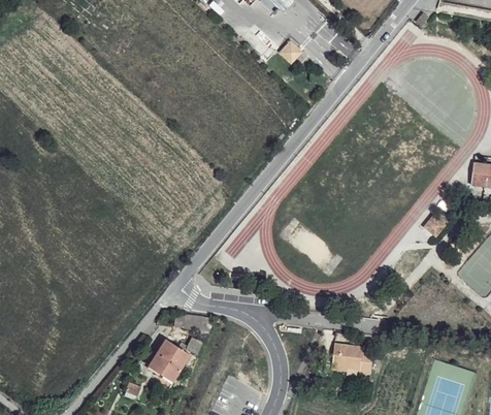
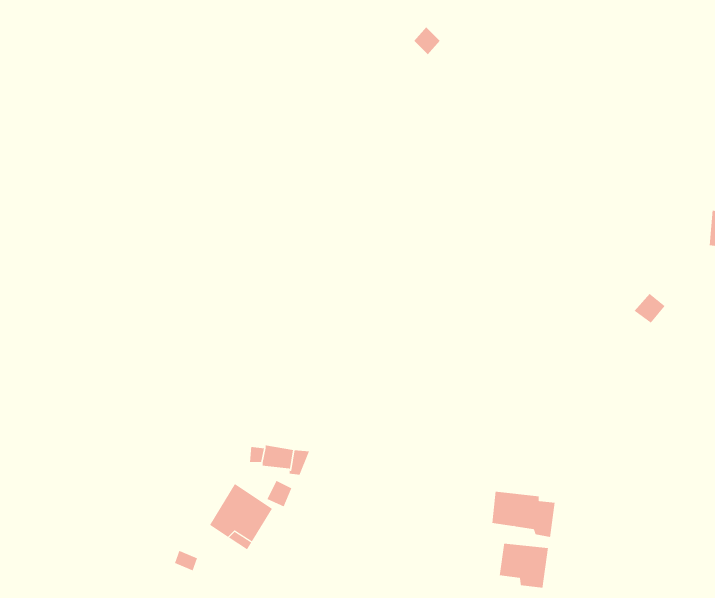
building: none -> [499,543,548,588]

